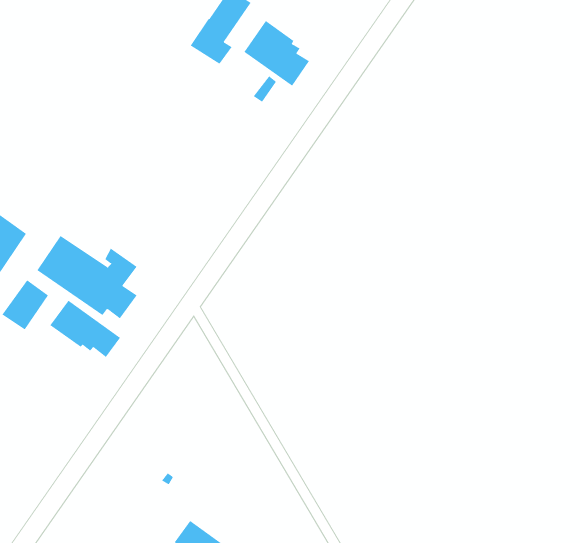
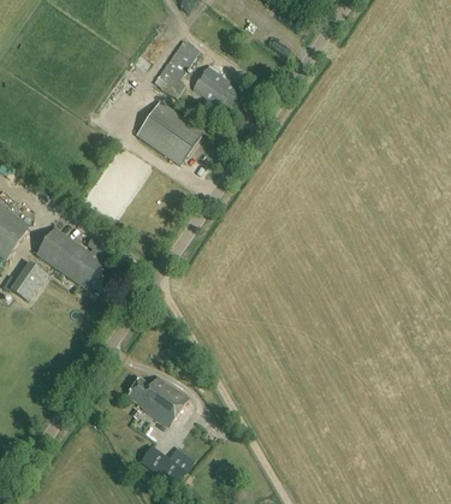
building: none -> [136,100,203,165]
building: [50,300,121,358] -> none
building: none -> [126,376,188,426]

